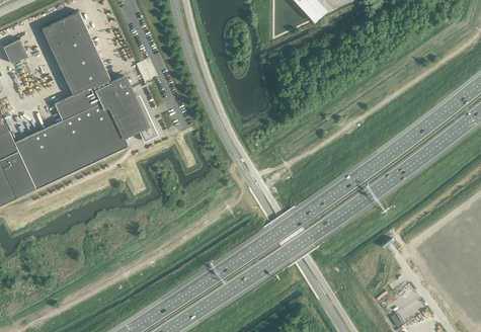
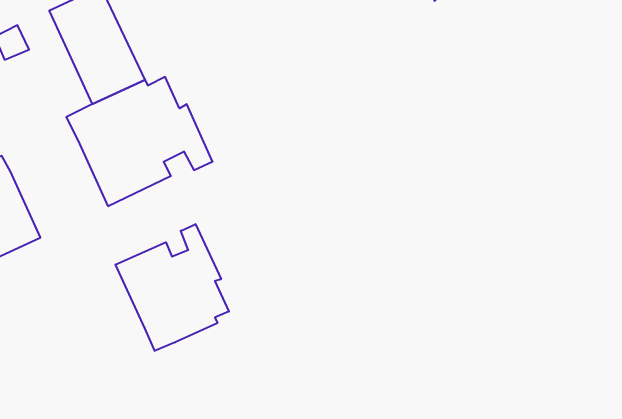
building: [14,119,83,188] -> none
building: none -> [116,224,229,351]

